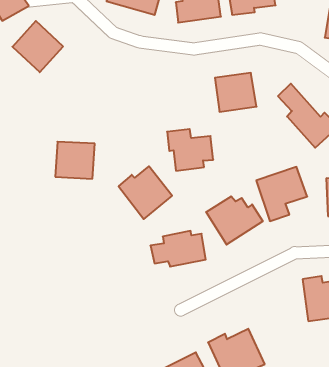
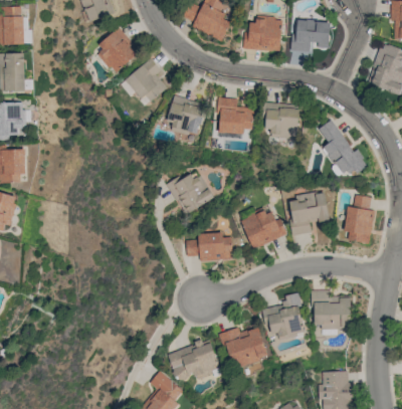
building: none -> [125,58,167,106]
building: [167,129,213,171] -> [216,98,254,135]
building: [55,142,95,179] -> [166,96,205,134]
building: none -> [264,293,306,341]

